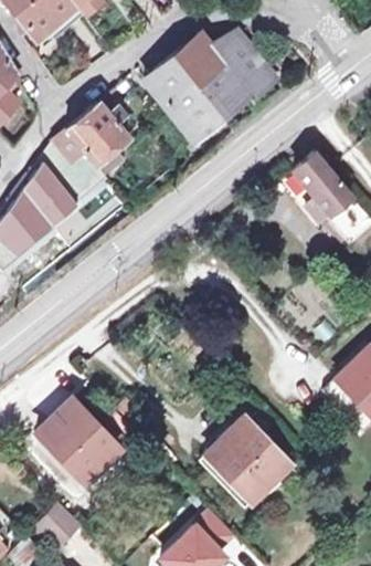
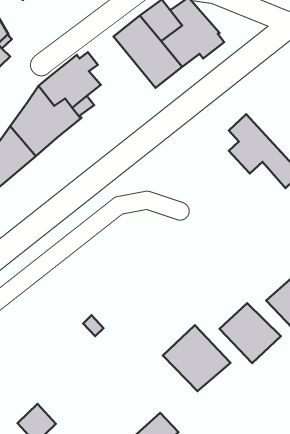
building: none -> [219,303,281,363]
building: [41,401,118,478] -> none

